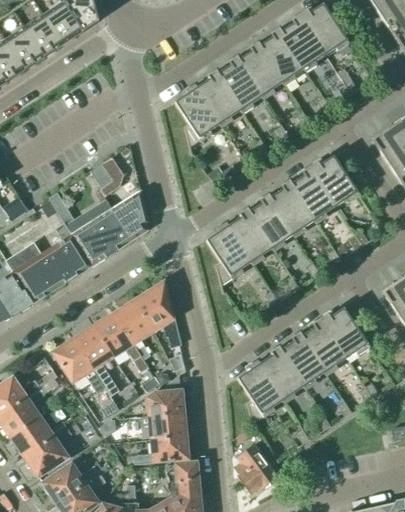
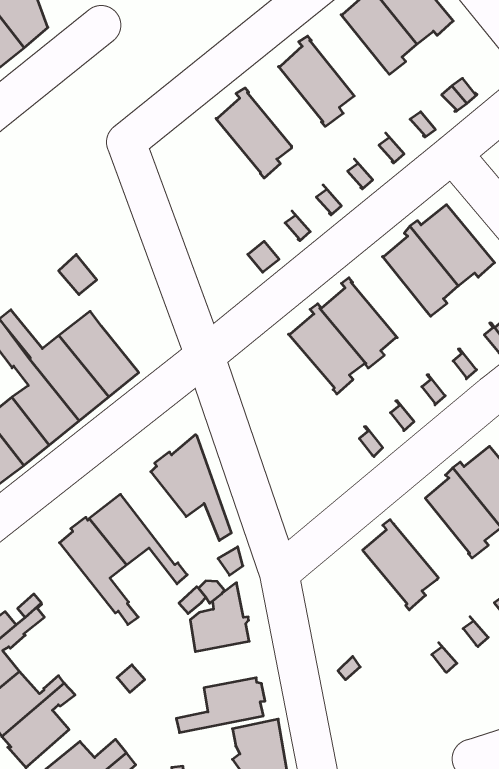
building: [259,28,304,85] -> none
building: [217,56,262,113] -> none
building: [174,84,220,154] -> none
building: [99,156,123,196] -> none
building: [269,180,314,237] -> none
building: [112,190,149,239] -> none
building: [206,222,252,292] -> none
building: [113,301,153,360] -> none
building: [280,332,325,389] -> none
building: [52,339,102,389] -> none
building: [237,360,283,430] -> none
building: [130,412,187,438] -> none
building: [234,443,277,492] -> none

